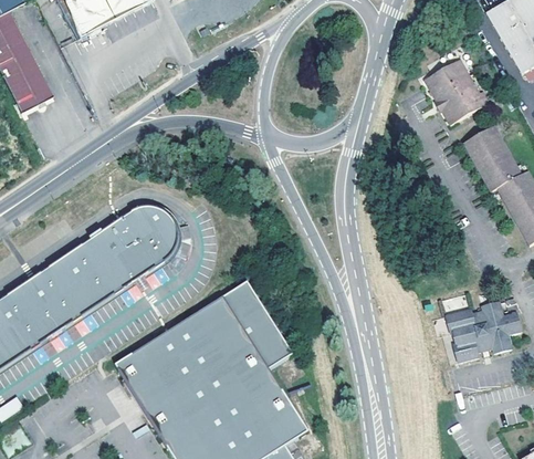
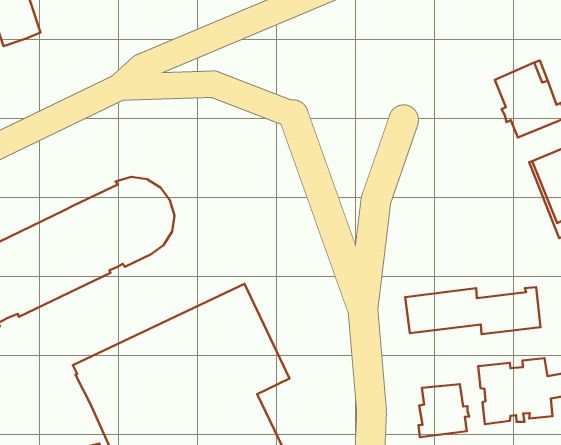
building: none -> [405,287,541,334]
building: none -> [418,384,469,437]

